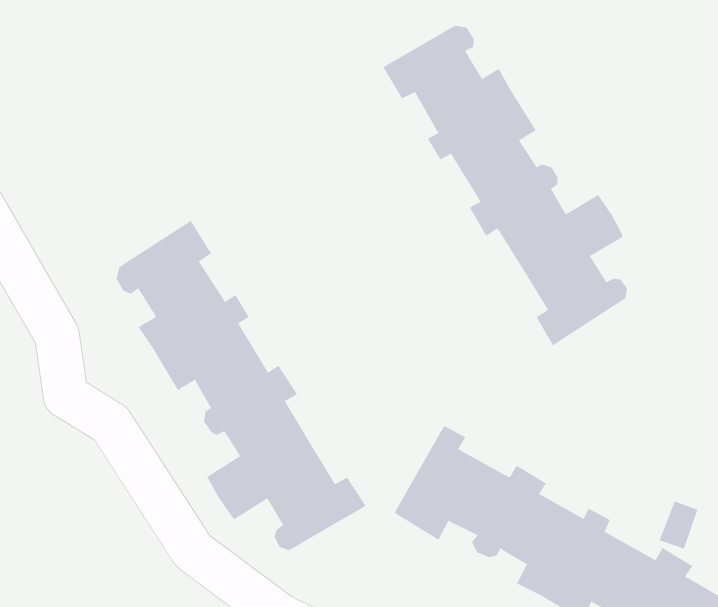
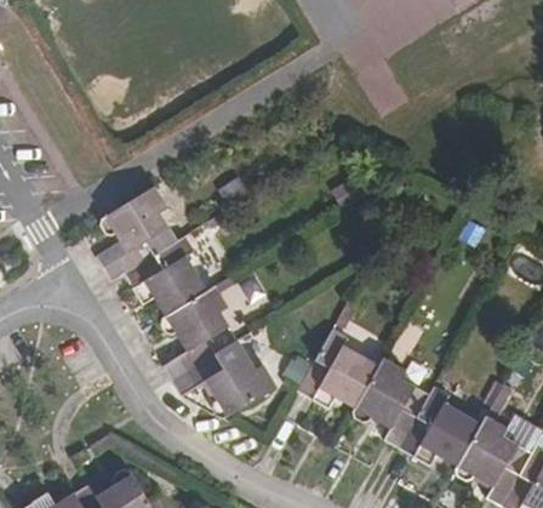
building: [383,25,627,346] -> none

